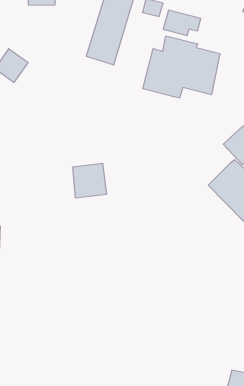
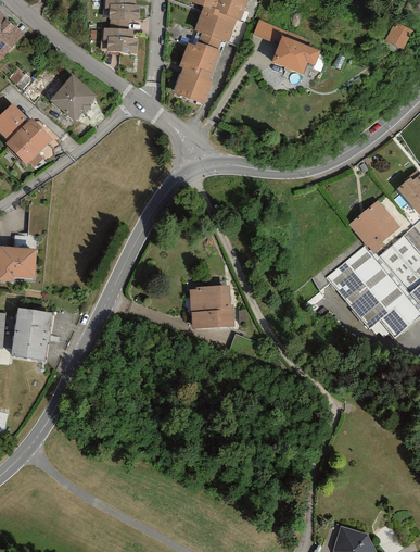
building: none -> [101,27,138,54]
building: [143,36,220,98] -> none
building: [72,164,107,198] -> [186,285,229,328]

